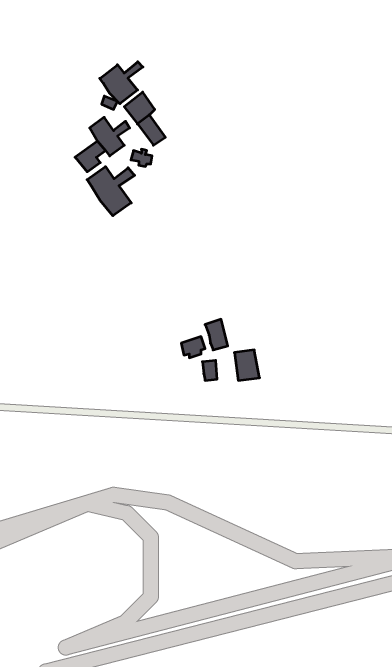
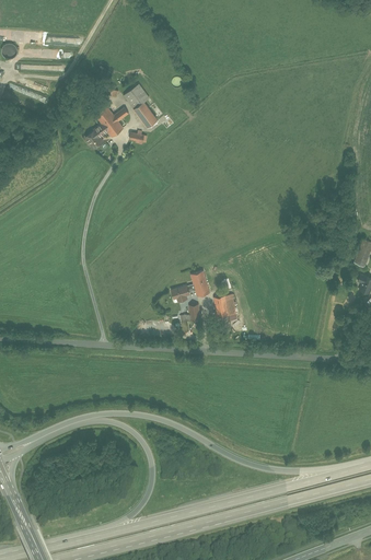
building: [100,62,143,104] -> none
building: [87,167,135,216] -> none

